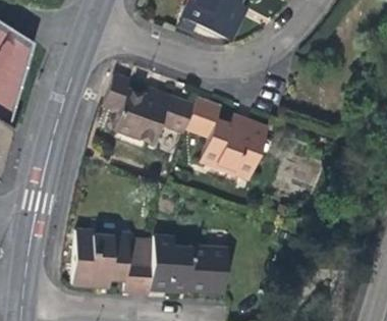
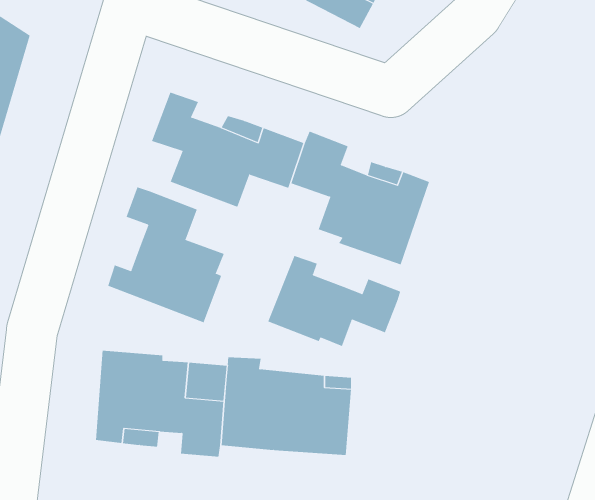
building: none -> [108,187,224,323]
building: none -> [268,255,401,347]

